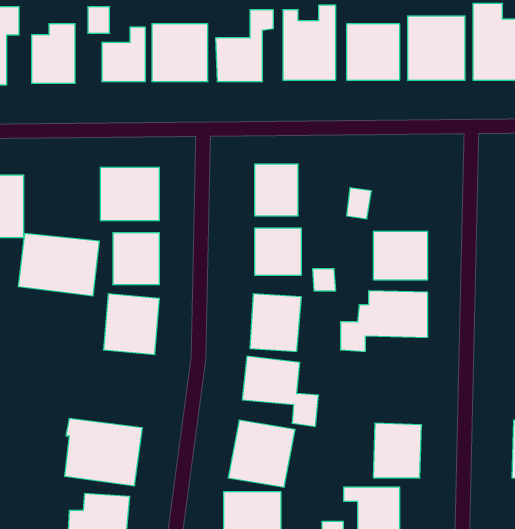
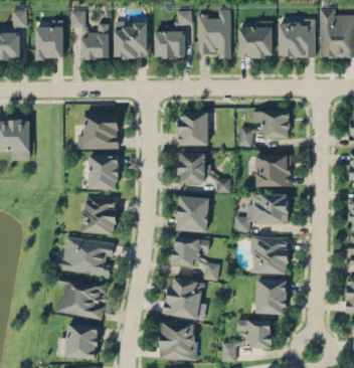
building: none -> [251,111,290,138]
building: [18,234,99,296] -> [61,236,114,277]
building: none -> [249,235,289,273]

